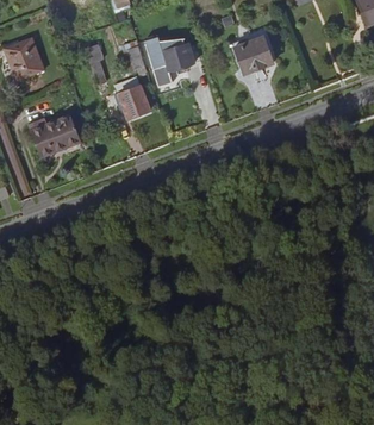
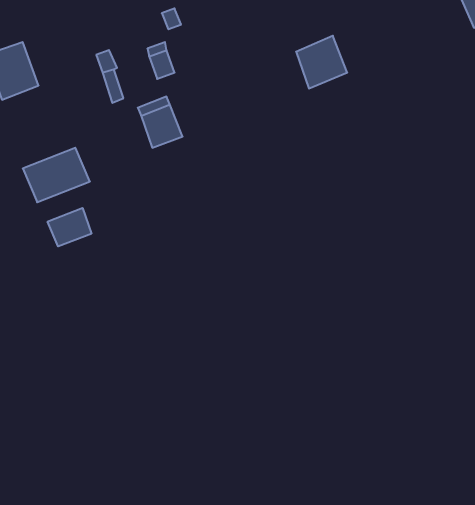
building: [144,35,194,83] -> none
building: none -> [48,208,91,246]

